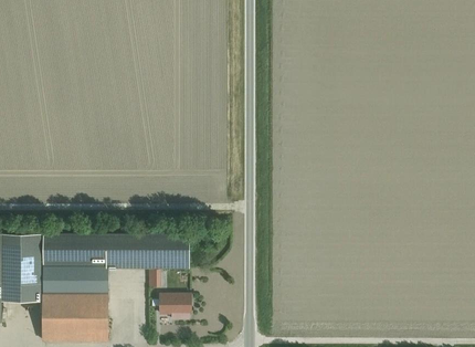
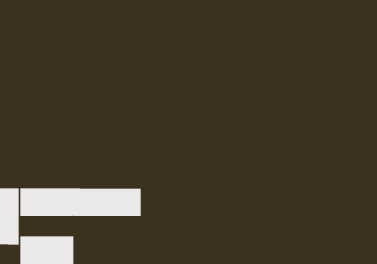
building: [42,269,106,292] -> none
building: [159,295,190,320] -> none

